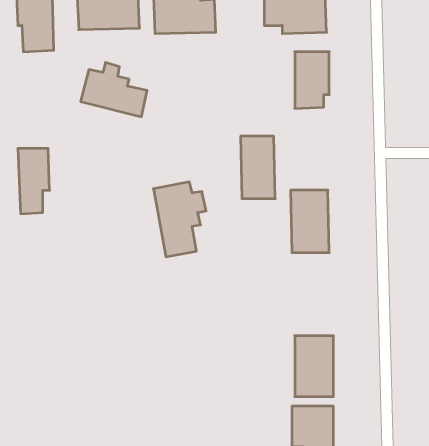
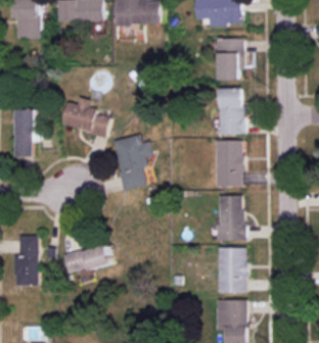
building: [81,63,147,117] -> [61,97,110,137]
building: [241,136,275,199] -> [218,89,243,135]
building: none -> [218,195,244,241]
building: none -> [14,236,39,286]
building: none -> [63,244,111,273]

